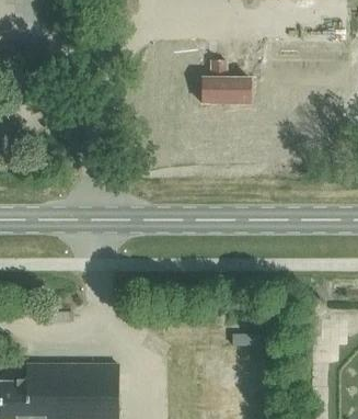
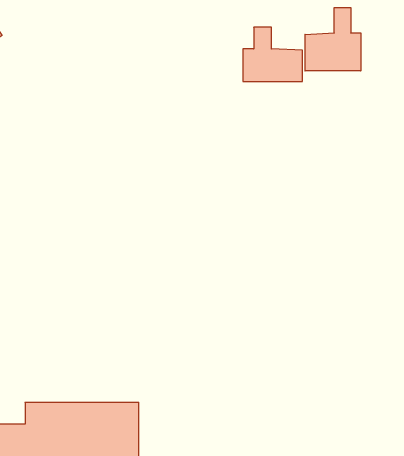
building: none -> [305,8,361,71]

